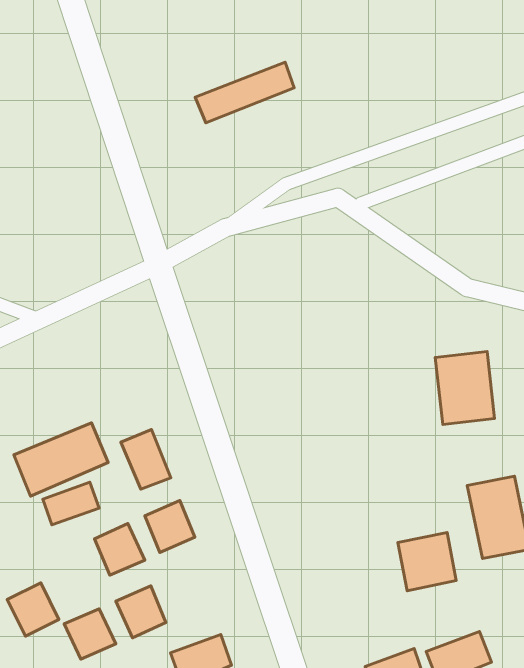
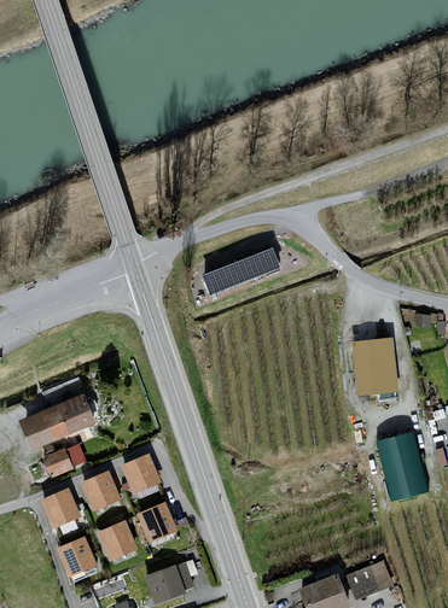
building: [195,62,294,123] -> [199,246,278,294]
building: [121,430,171,489] -> none
building: [398,532,456,591] -> none
building: none -> [136,504,178,545]
building: [7,583,59,636] -> [40,490,81,532]

